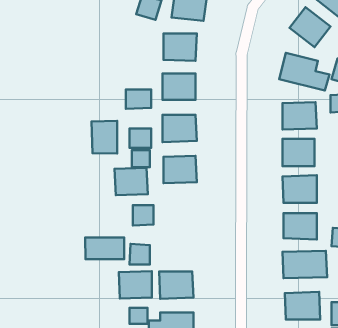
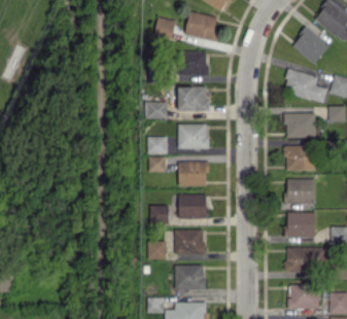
building: [91,121,117,153] -> none
building: [115,168,148,195] -> [178,194,208,219]
building: [85,237,124,259] -> none
building: [119,271,152,299] -> [174,229,204,254]

